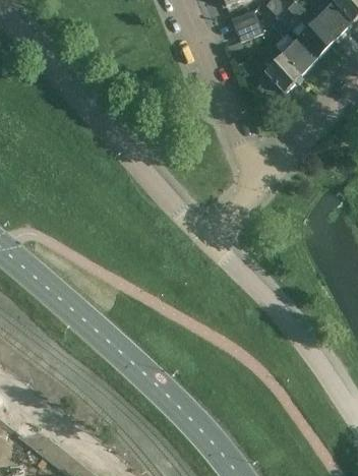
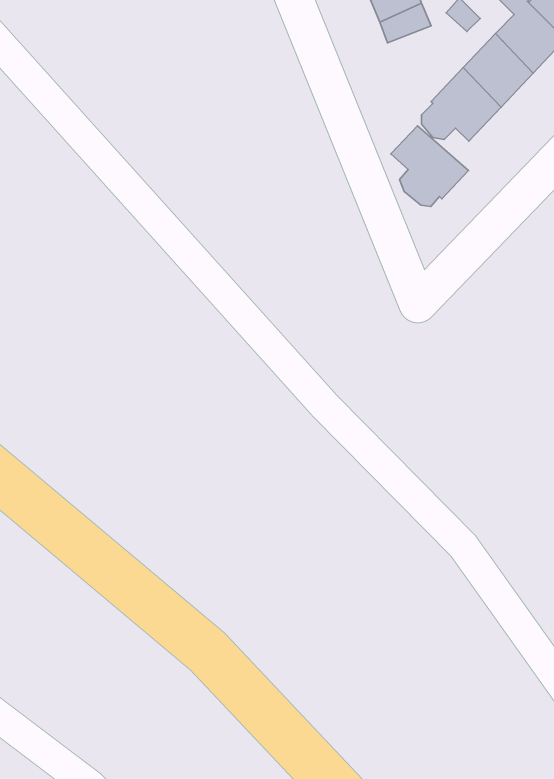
building: none -> [391,126,468,206]

